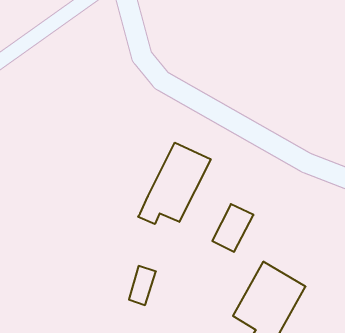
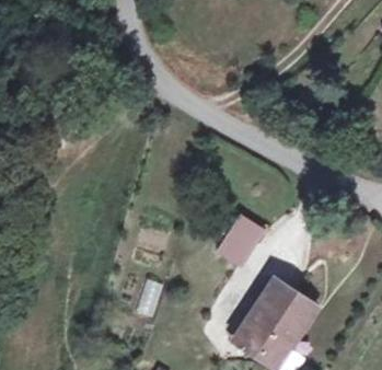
building: [138,143,211,224] -> none

